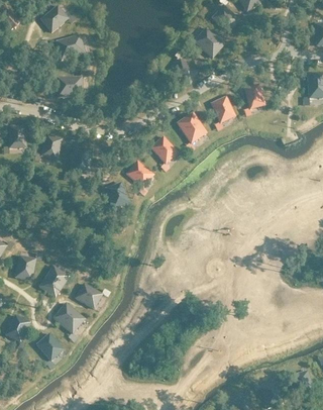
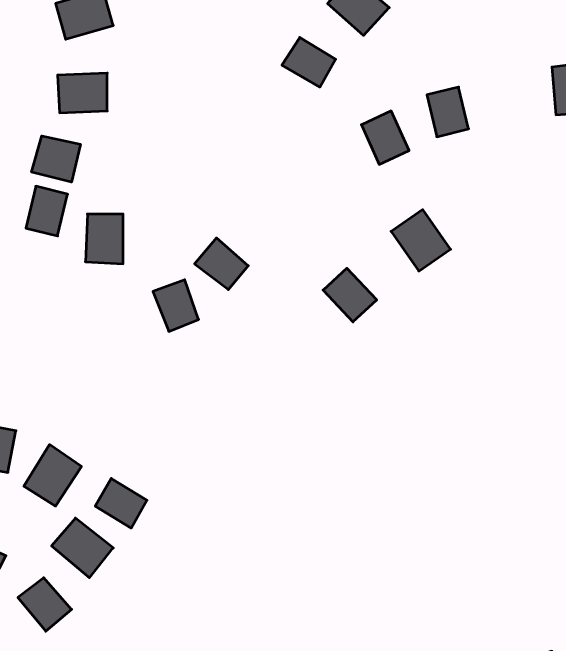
building: none -> [32,136,80,182]
building: [177,112,207,143] -> [391,210,451,271]
building: [150,136,178,164] -> [323,268,377,322]

